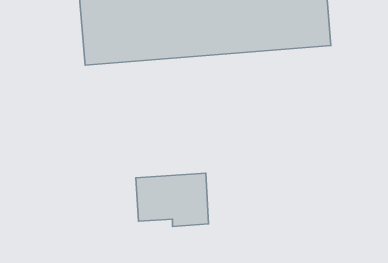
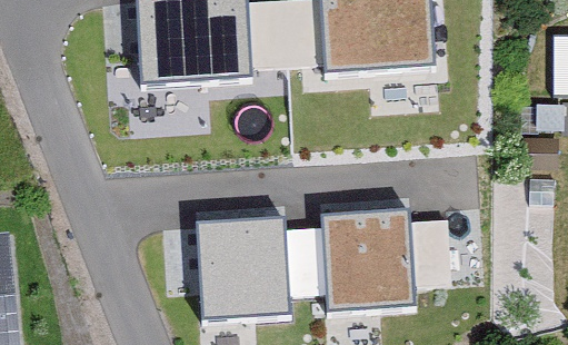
building: none -> [322,207,413,313]

